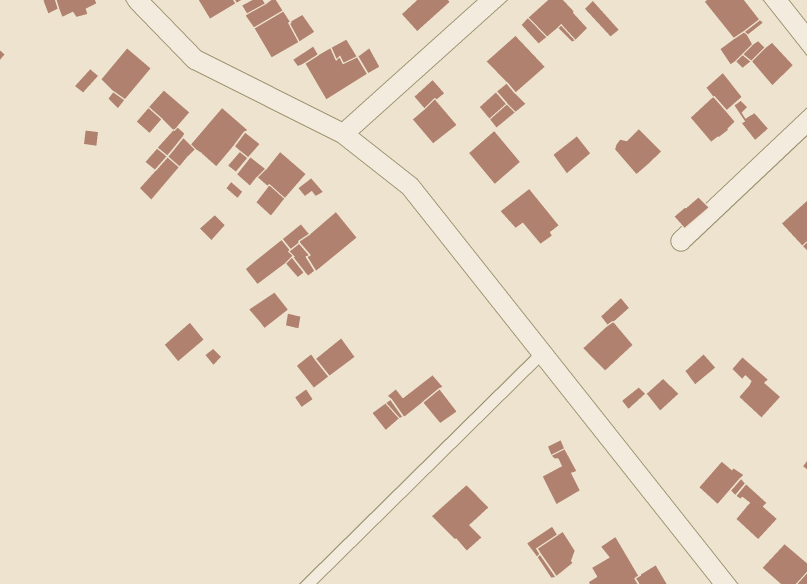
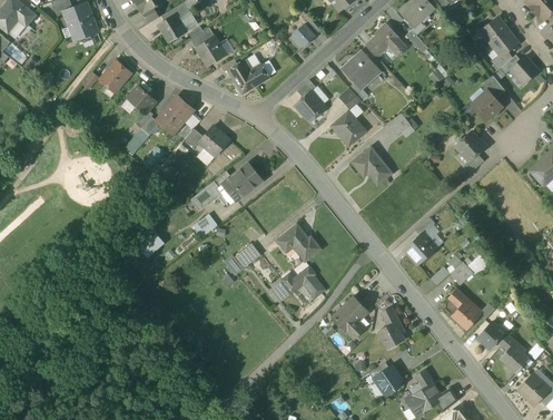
building: [614,128,662,174] -> [455,131,485,160]
building: none -> [277,224,320,261]
building: [731,357,781,418] -> [448,290,480,329]
building: [431,485,489,551] -> [332,296,368,339]

